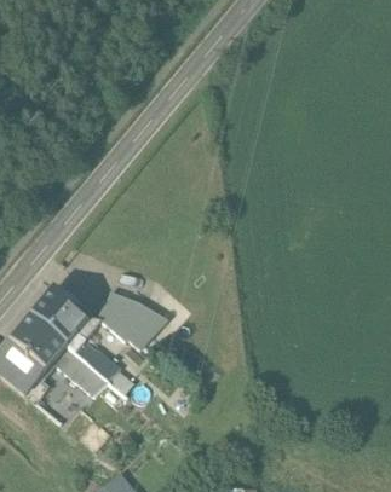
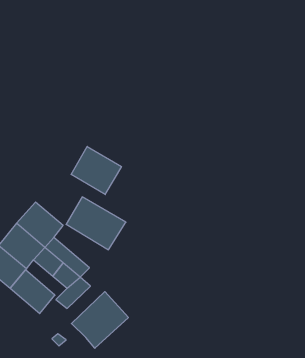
building: none -> [71,146,121,195]
building: none -> [71,292,128,348]

